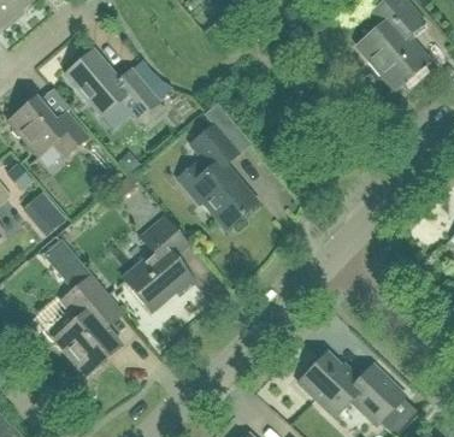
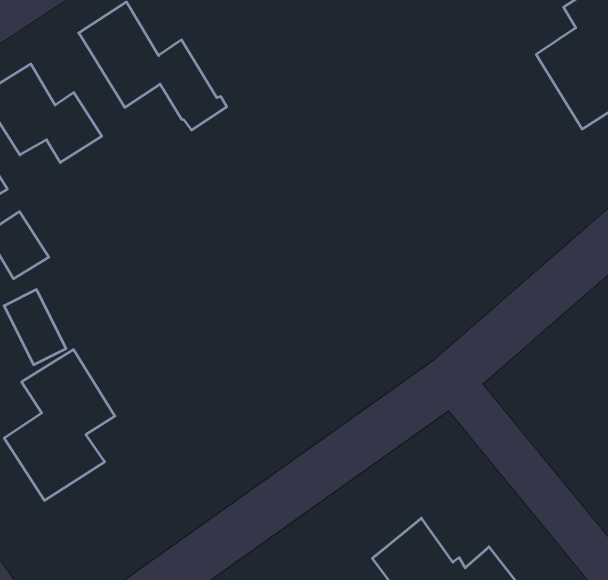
building: [179,124,258,228] -> none
building: [122,217,194,309] -> none

